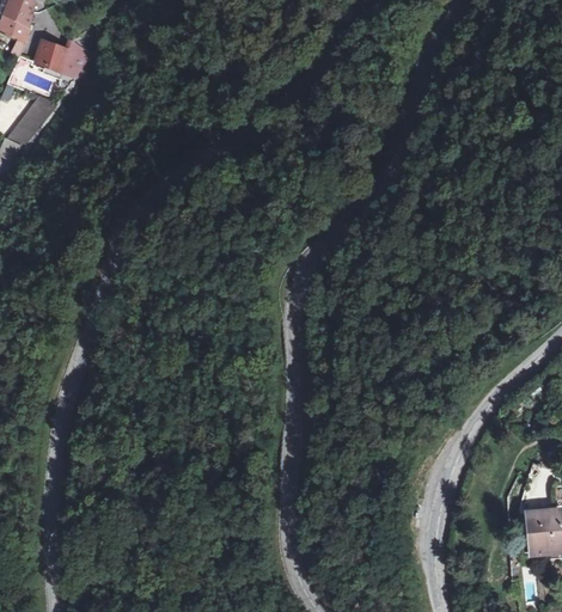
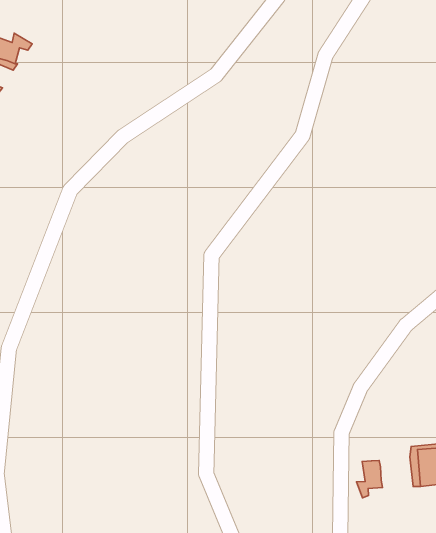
building: none -> [357,460,382,498]

